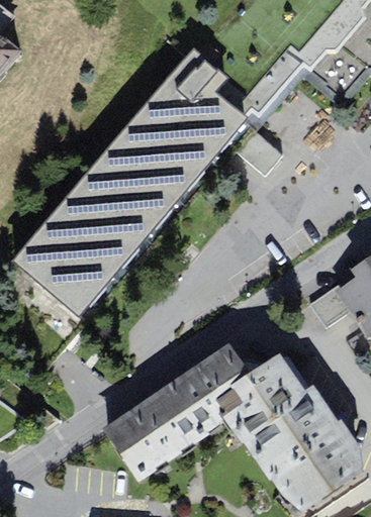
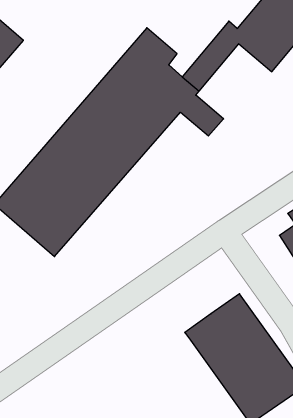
building: [309,286,351,324] -> none
building: [106,344,264,483] -> none

